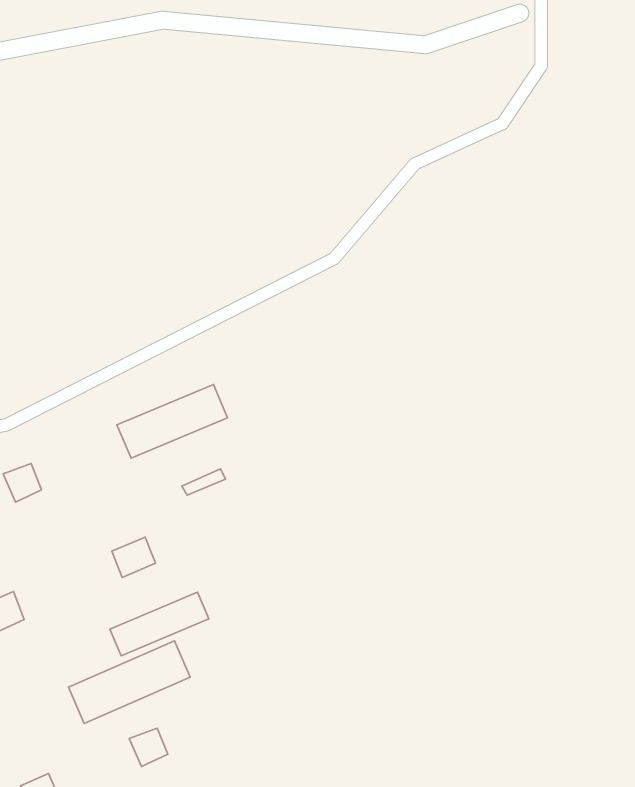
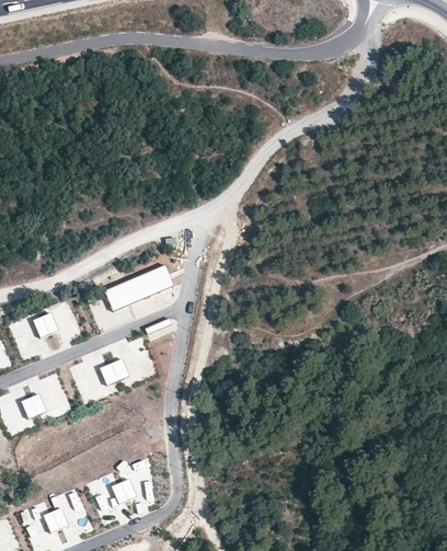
building: [110,592,209,656] -> none
building: [69,641,190,723] -> none

